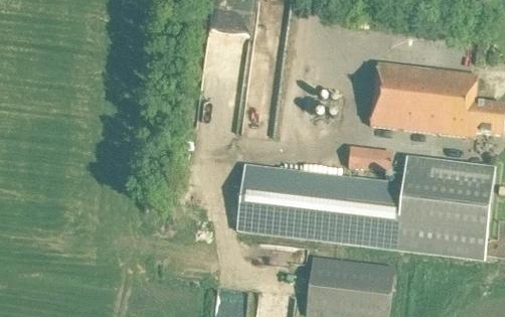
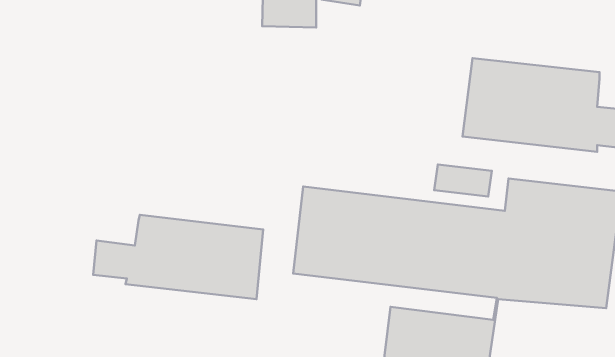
building: none -> [93,215,263,299]

